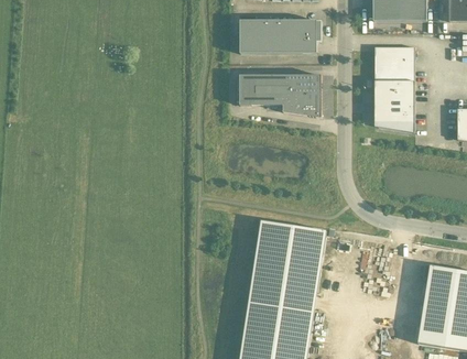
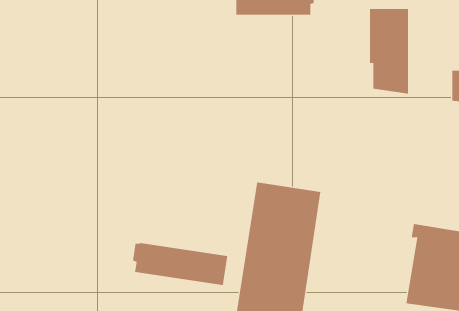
building: [239,75,321,118] -> none
building: none -> [132,242,228,286]

